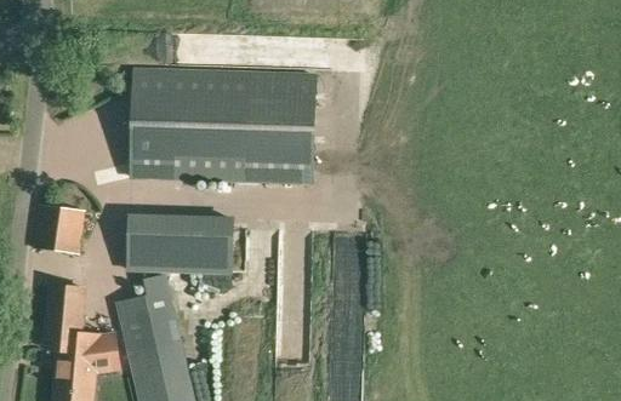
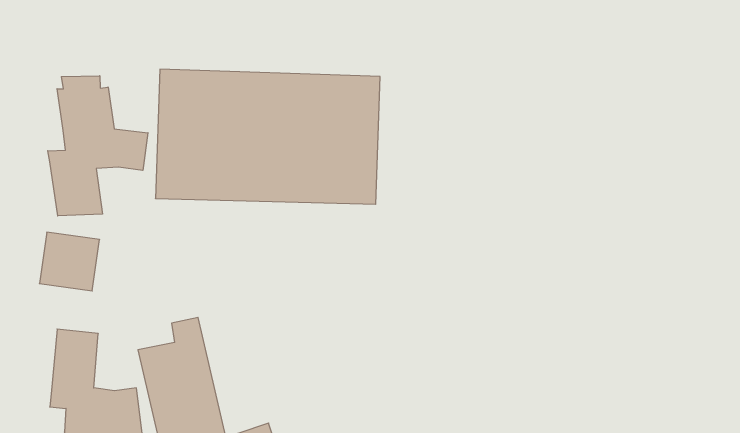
building: none -> [48,76,148,216]
building: [127,214,233,271] -> none

